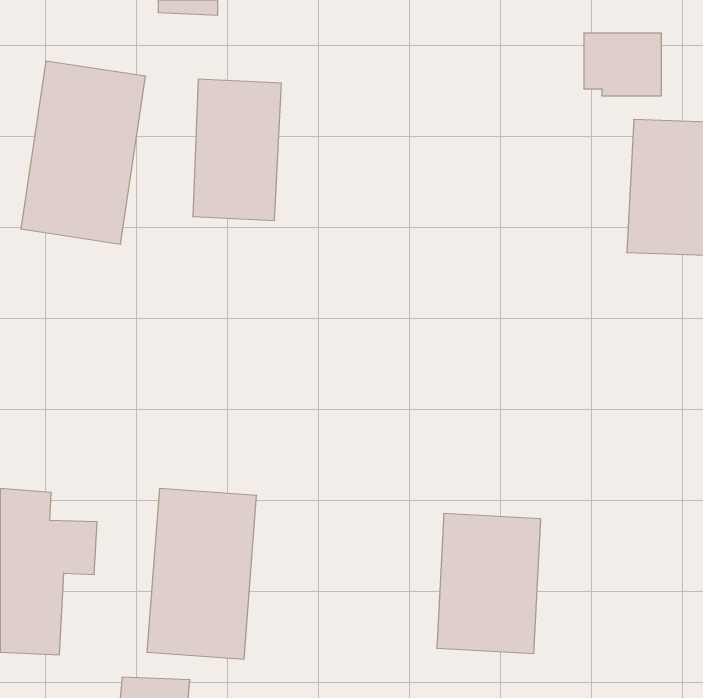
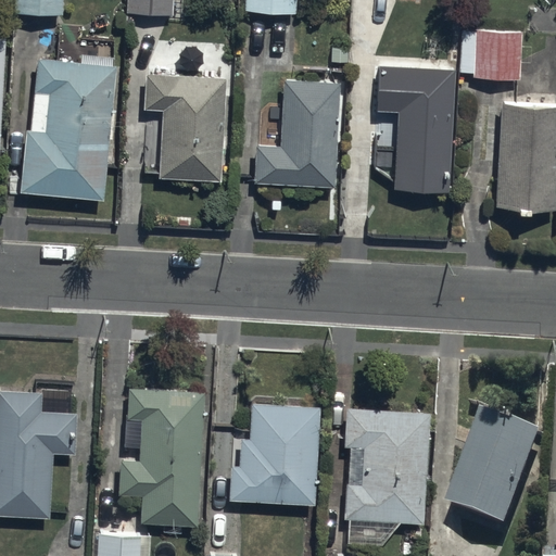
building: none -> [379,66,458,193]
building: none -> [270,77,342,189]
building: none -> [230,402,319,505]
building: none -> [450,416,542,531]

